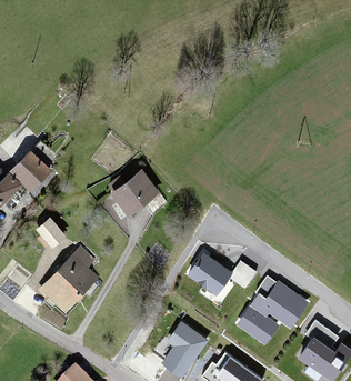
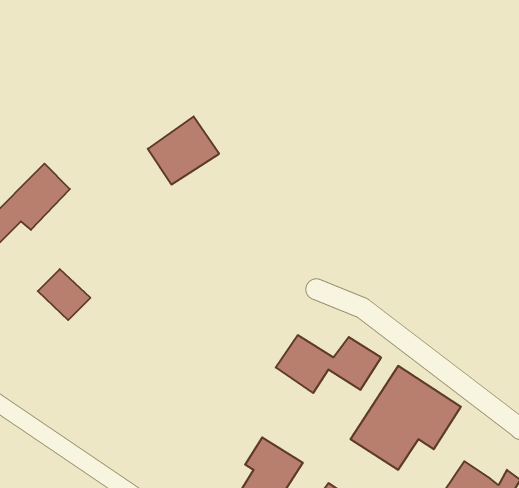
building: [111,167,158,211] -> [148,116,219,184]
building: [37,244,98,313] -> none
building: [305,320,338,349] -> none

